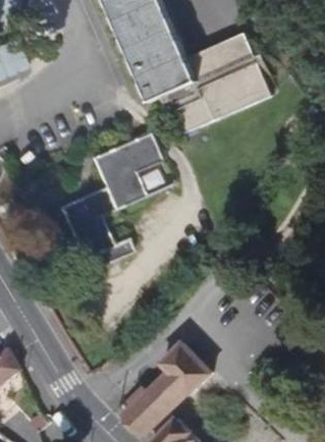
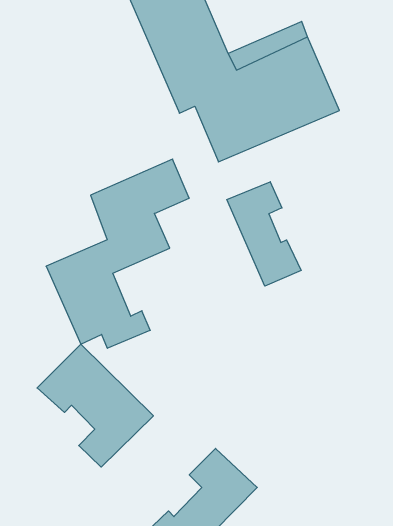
building: none -> [227,182,301,286]
building: none -> [37,344,153,467]

